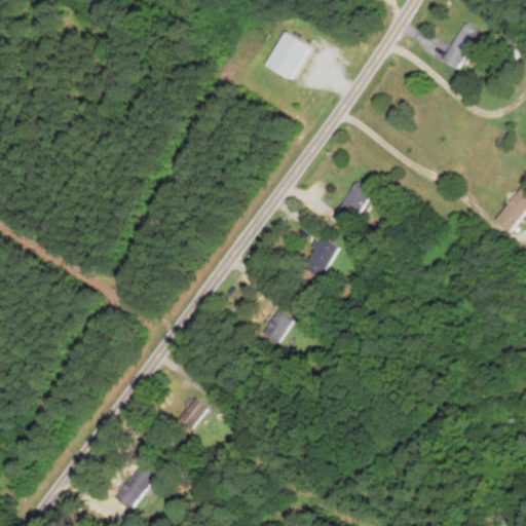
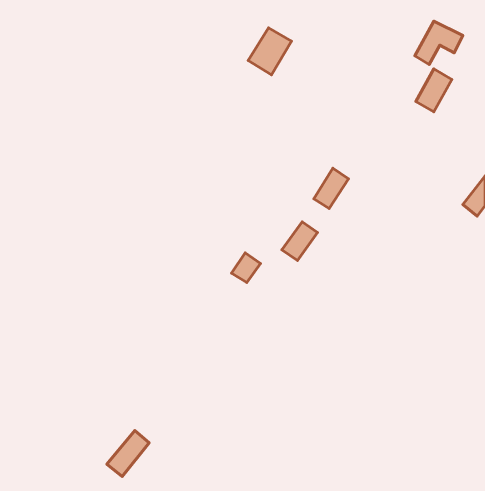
building: none -> [416,69,452,112]
building: [263,309,294,341] -> [232,253,260,283]
building: [180,397,210,427] -> none

